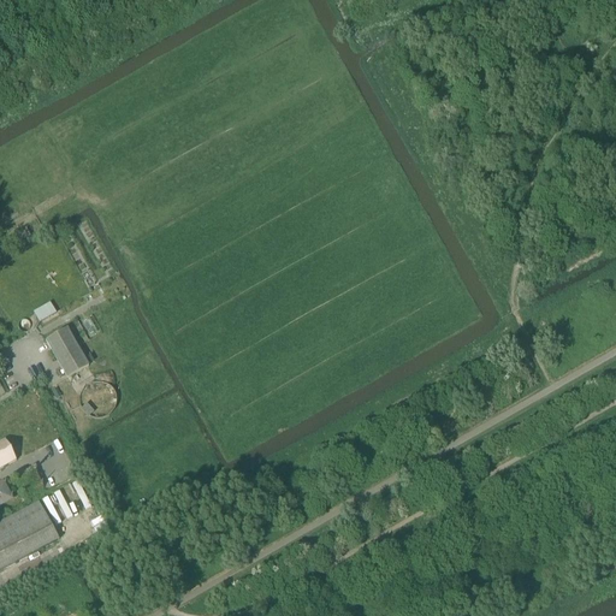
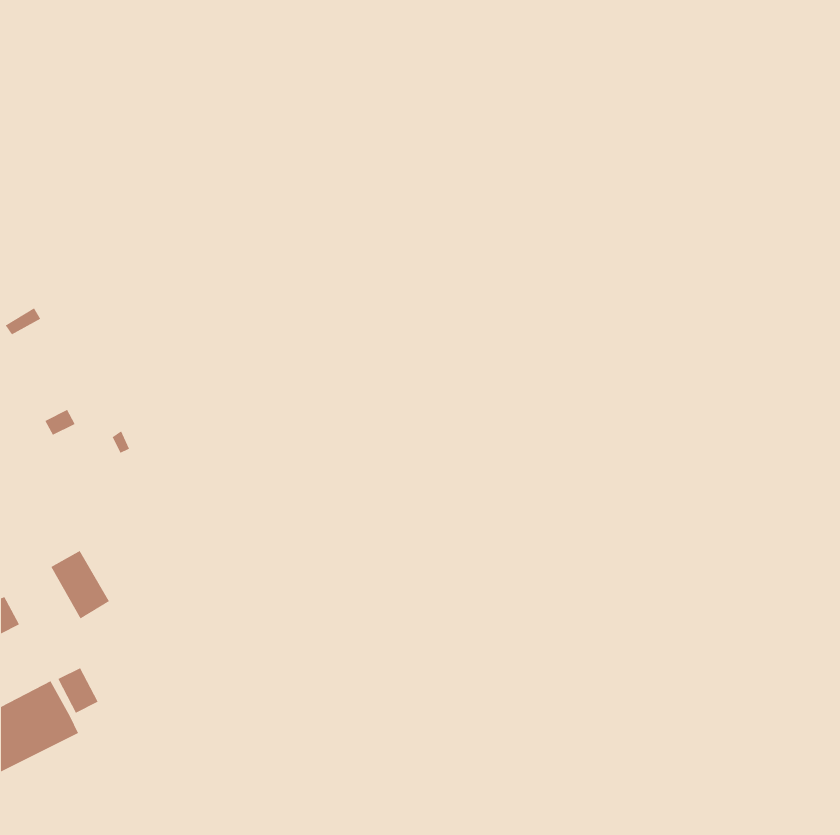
building: [45,325,88,375] -> [50,550,110,619]

